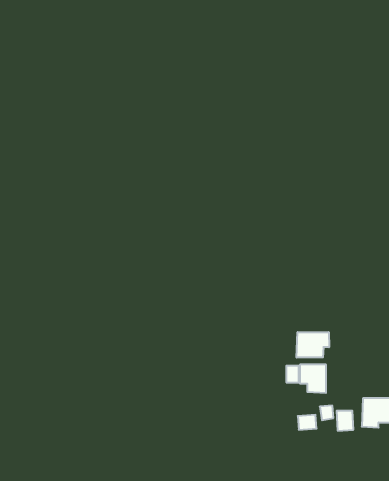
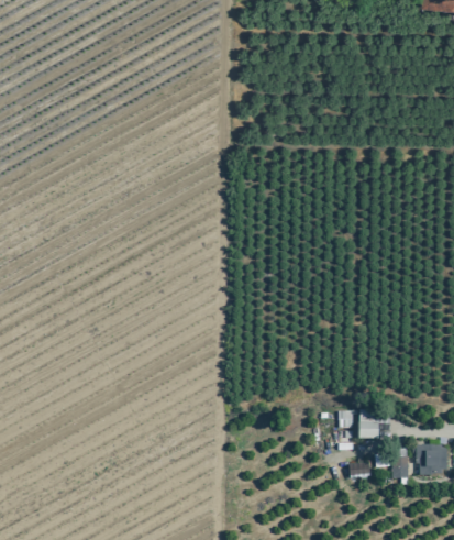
building: [297,332,329,358] -> none

